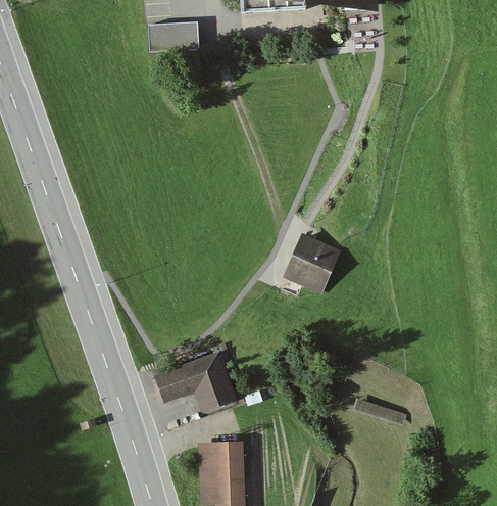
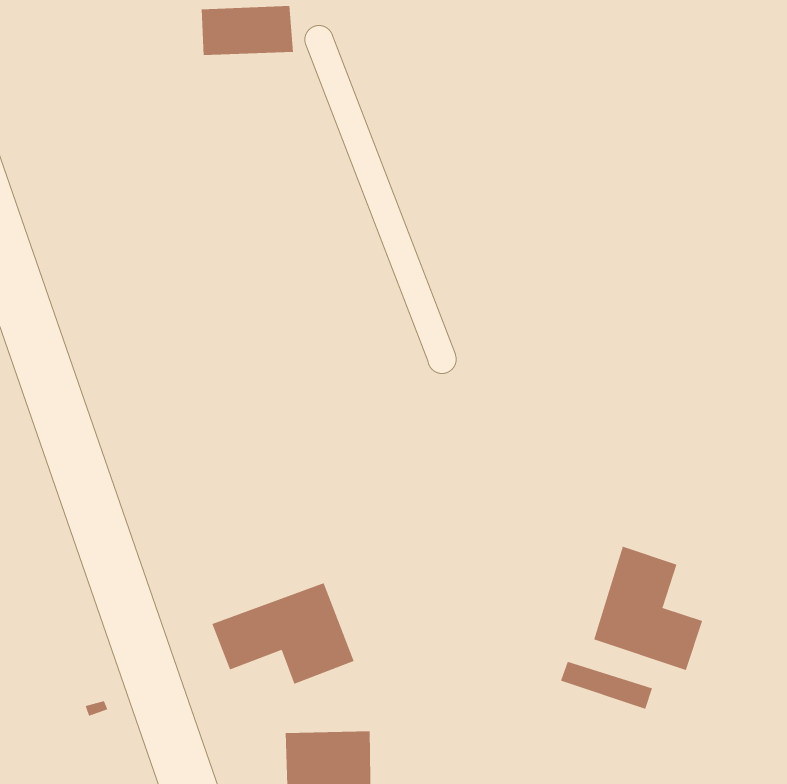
building: [284,236,340,296] -> none
building: none -> [594,546,703,671]

